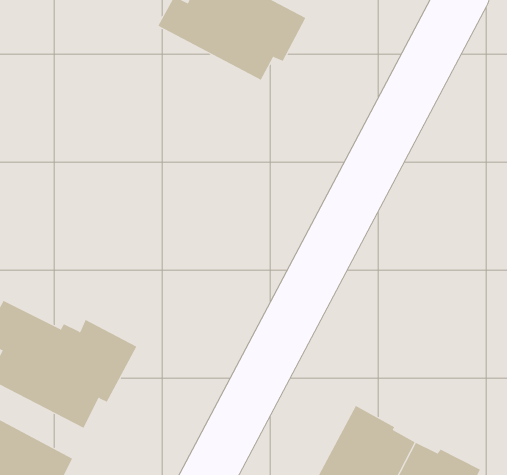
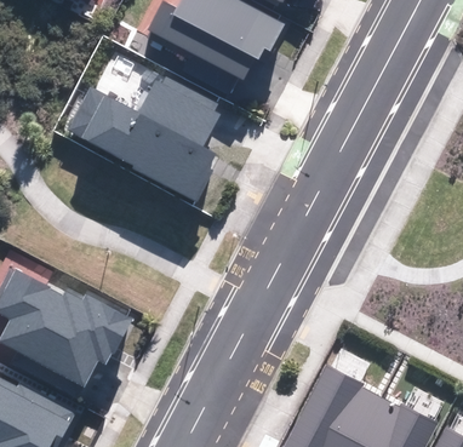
building: none -> [68,74,223,197]

